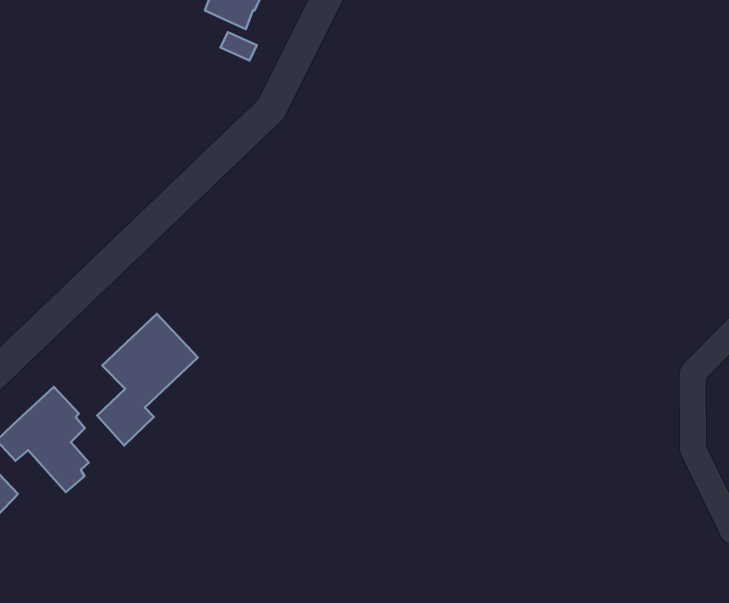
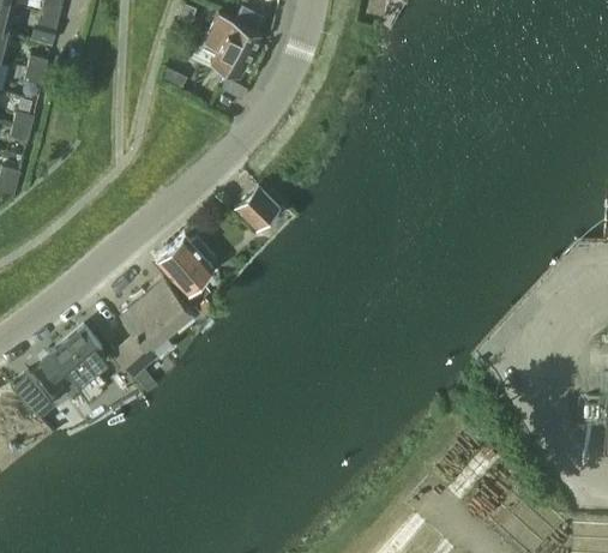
building: none -> [234,187,278,232]
building: none -> [155,235,215,315]

